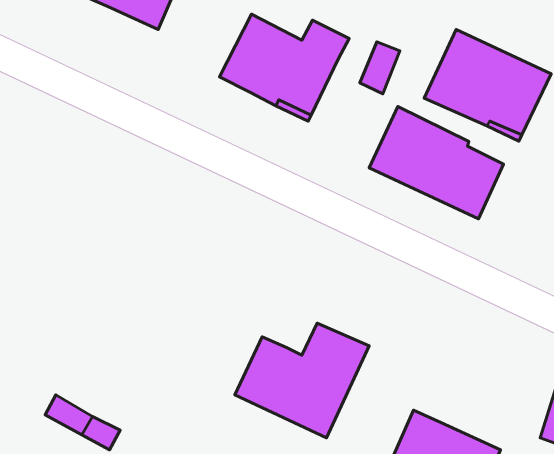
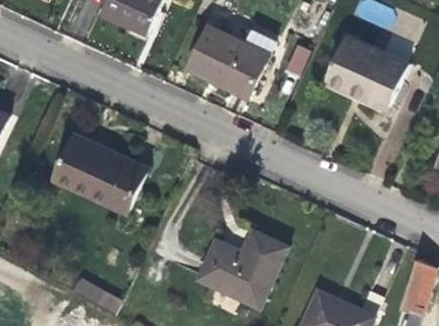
building: [369,107,504,219] -> none
building: none -> [53,134,147,212]

